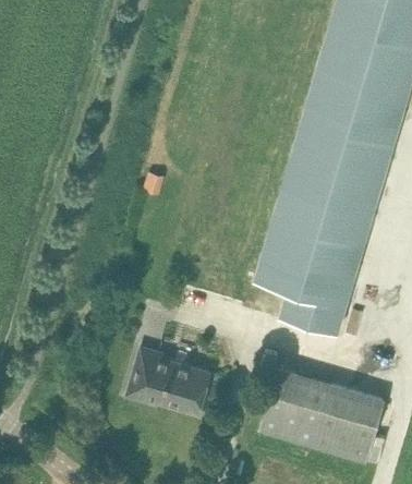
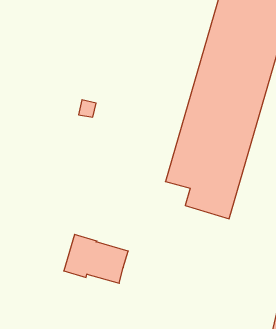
building: [255,367,380,463] -> none

